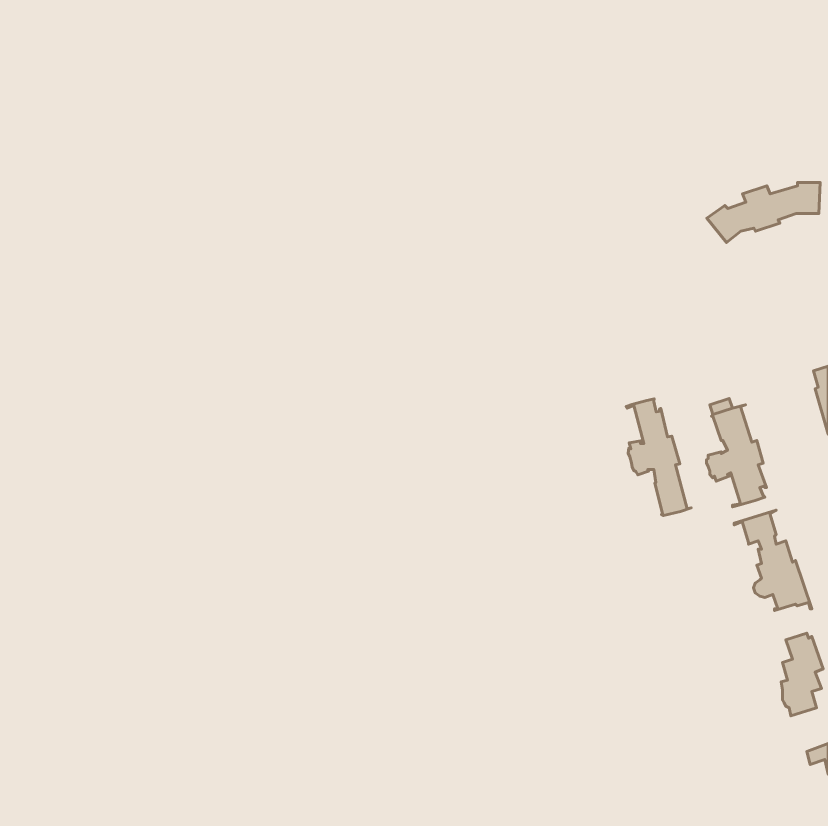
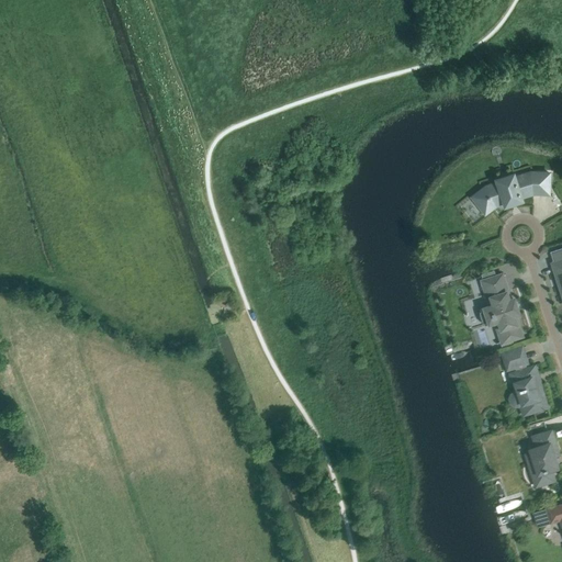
building: [707,183,820,243] -> [472,173,549,214]
building: [626,399,691,515] -> none

